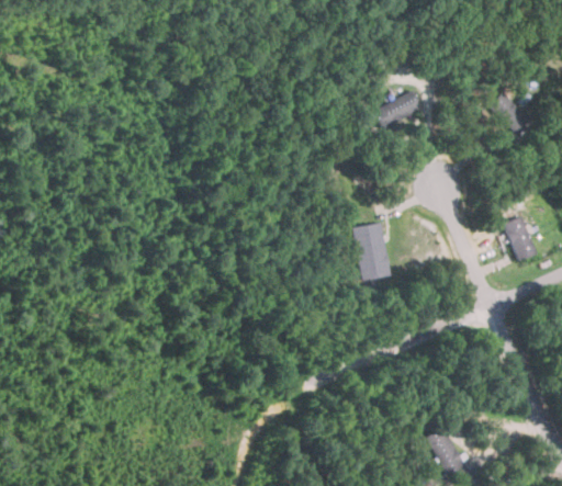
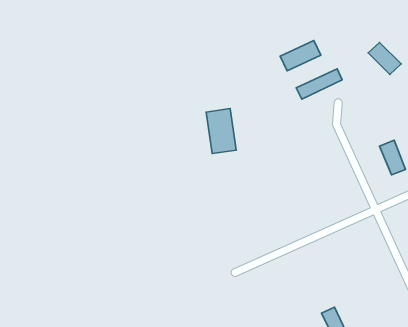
building: none -> [296,69,342,99]
building: [355,223,393,280] -> [206,109,236,154]

